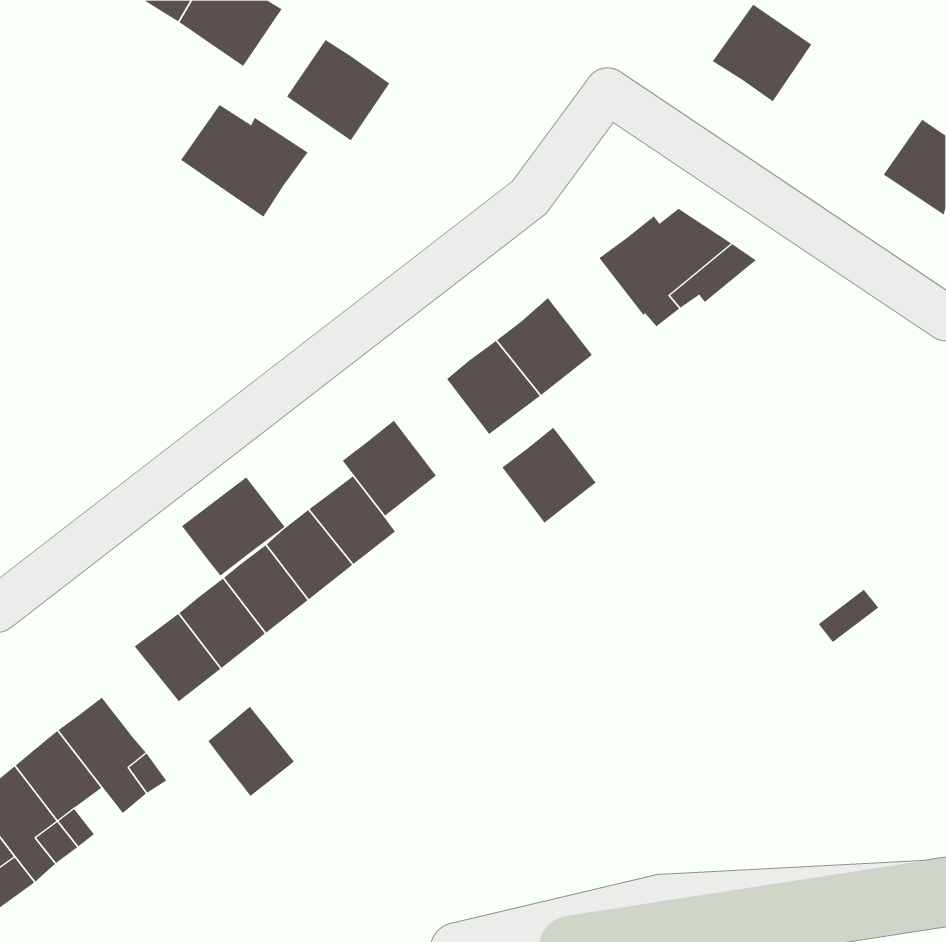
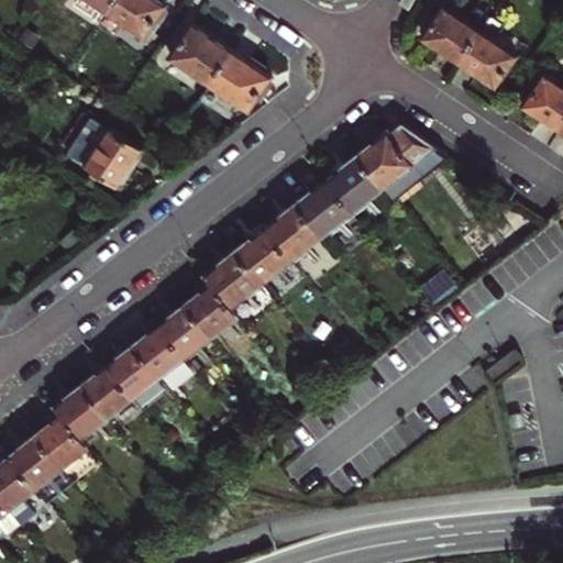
building: none -> [457,31,519,89]
building: none -> [208,54,271,114]
building: [180,104,308,218] -> [59,118,135,185]
building: none -> [324,157,380,214]
building: [502,427,596,523] -> [233,229,289,286]
building: [181,477,285,576] -> none
building: [207,706,295,797] -> [54,387,106,441]

